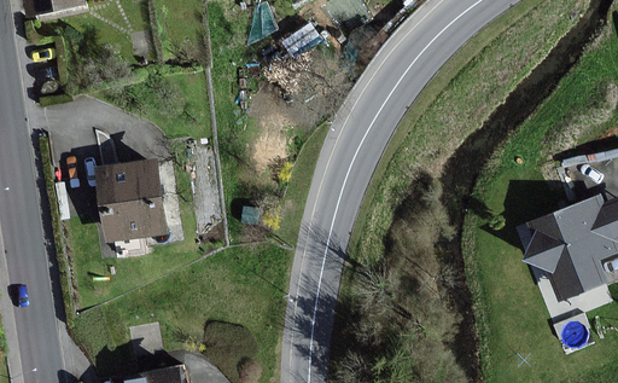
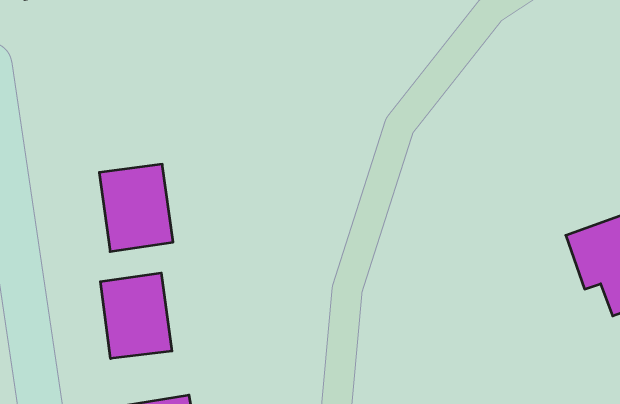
building: none -> [100,273,172,359]

